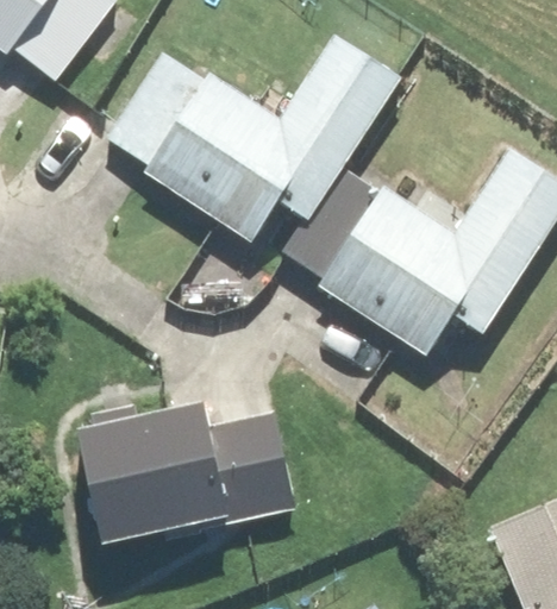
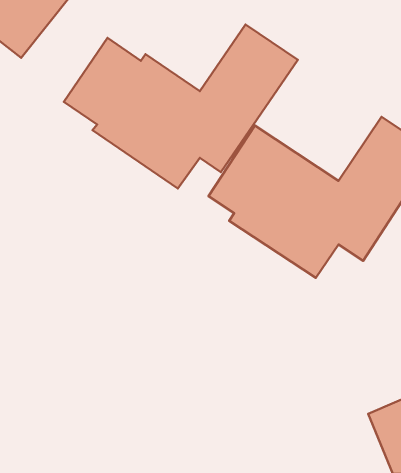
building: [69,403,294,548] -> none

